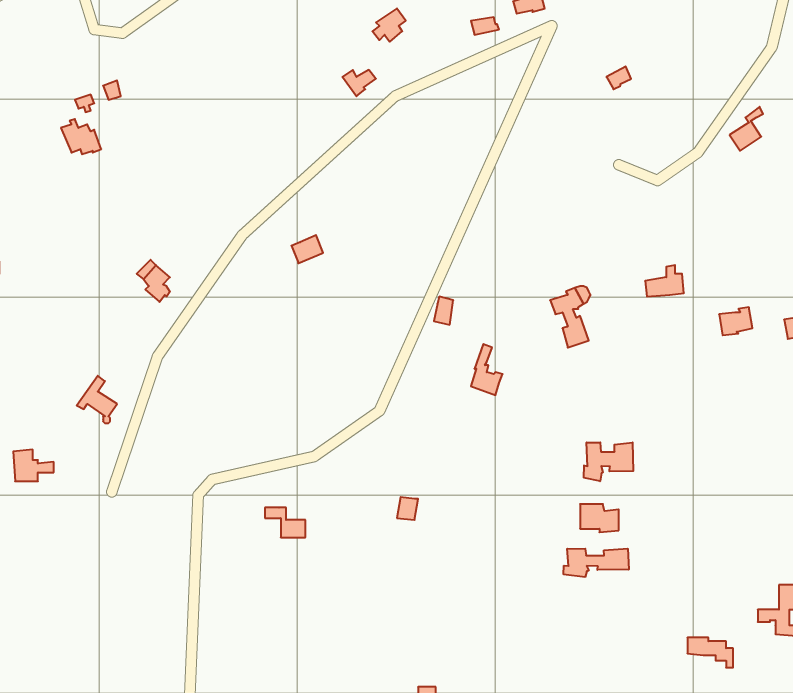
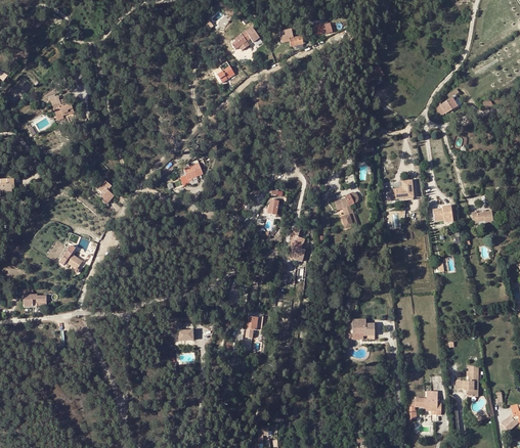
building: [584,442,633,481] -> none
building: [564,549,629,577] -> none

